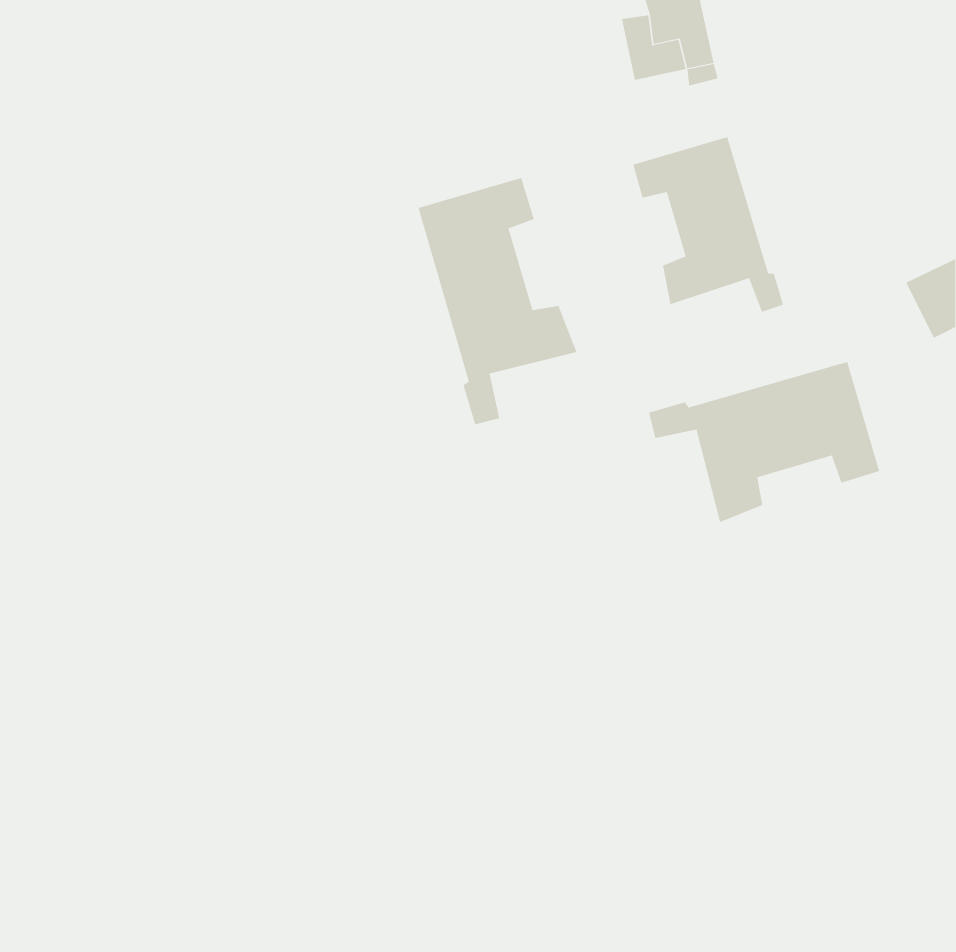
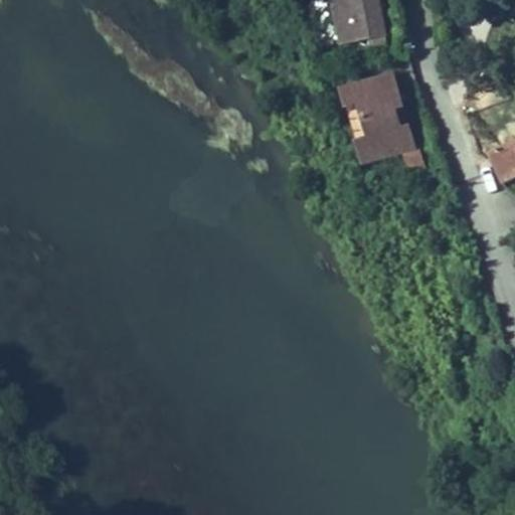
building: [418,177,577,425] -> none
building: [648,361,880,523] -> none

